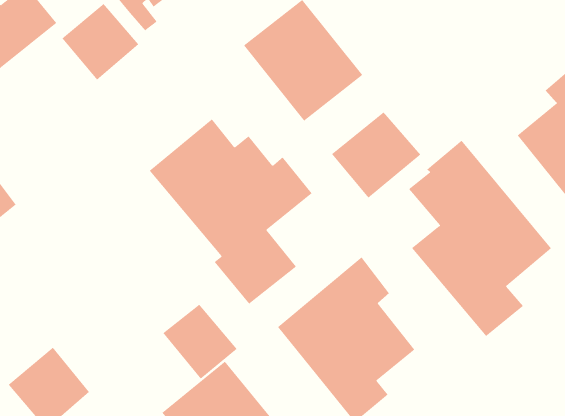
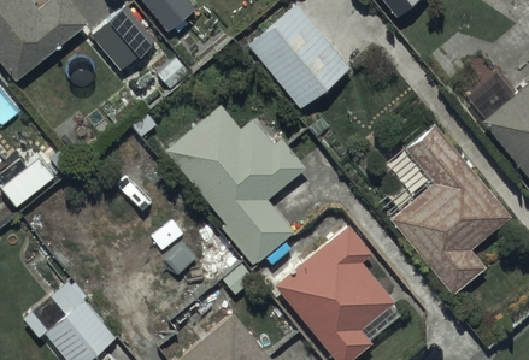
building: [331,112,421,199] -> none
building: [163,304,238,379] -> none

